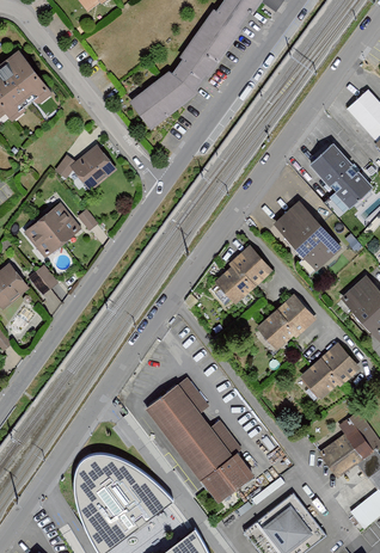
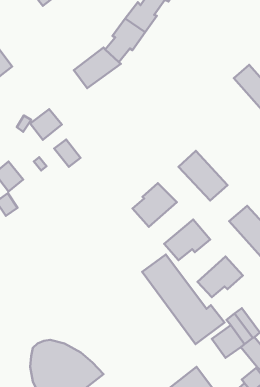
building: [304,143,367,209] -> none
building: [47,205,81,241] -> [54,140,81,167]
building: [147,381,256,499] -> [142,255,224,344]

